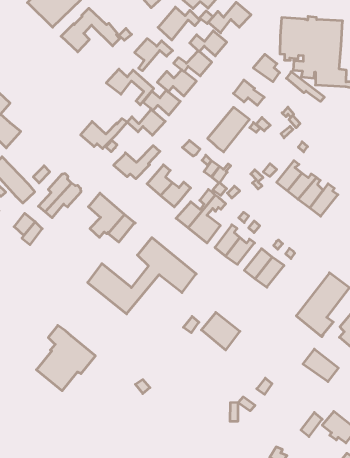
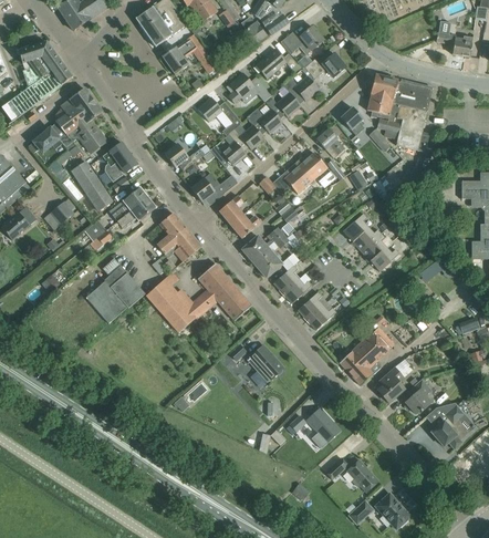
building: none -> [102,142,137,182]
building: [36,325,95,391] -> [86,258,145,321]
building: [303,349,338,382] -> [306,408,340,442]

